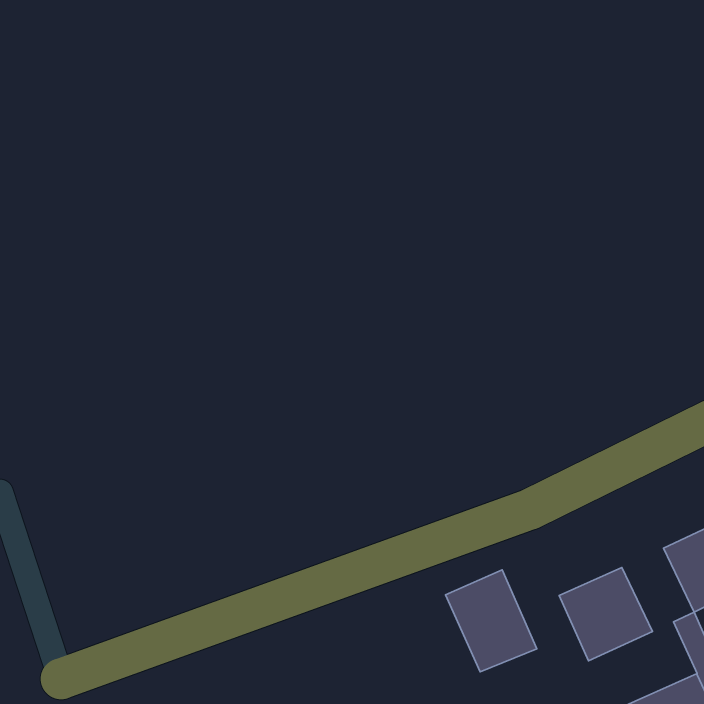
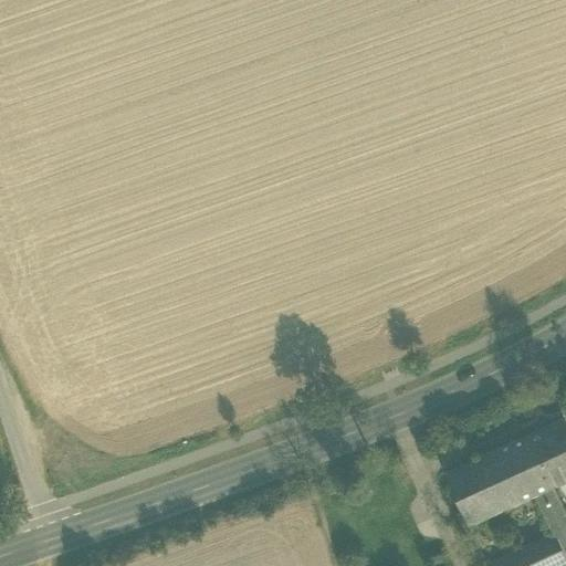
building: none -> [500,441,557,507]
building: [446,570,537,672] -> none

